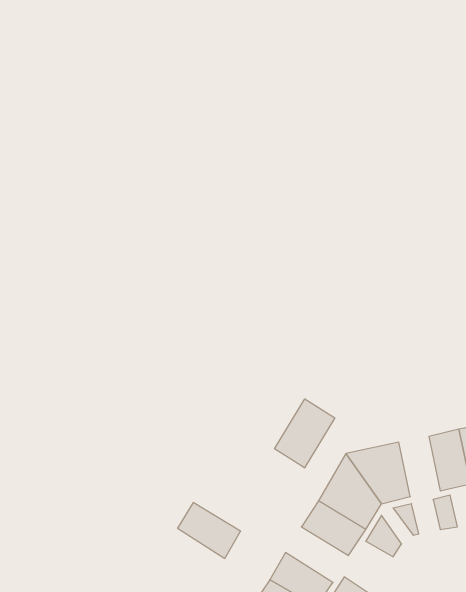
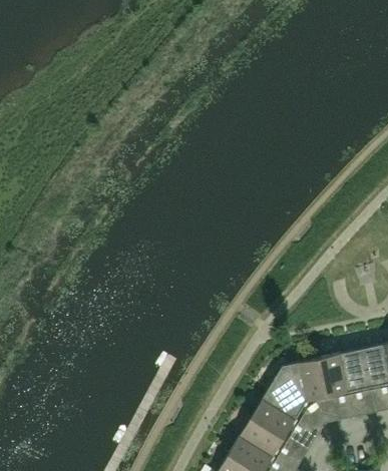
building: [275,399,335,468] -> none
building: none -> [318,356,347,398]
building: [178,503,241,558] -> [239,419,283,458]

